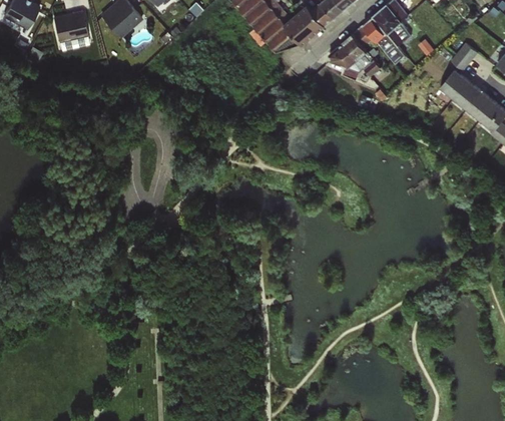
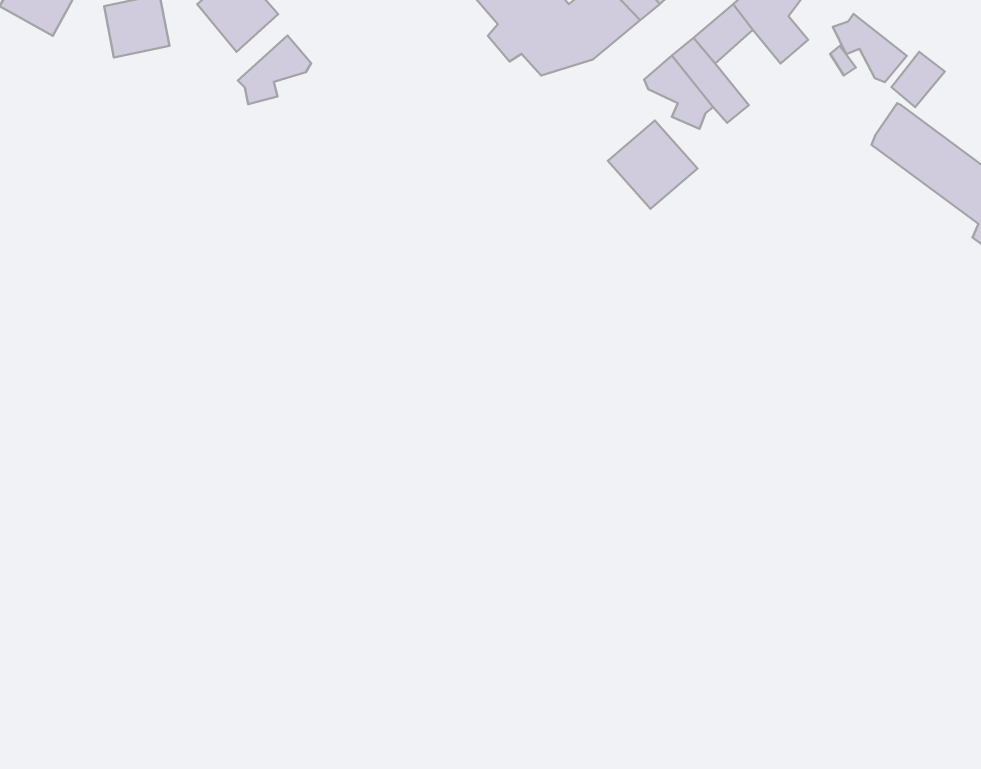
building: none -> [833,14,907,82]
building: none -> [238,35,311,104]
building: none -> [608,120,698,209]

